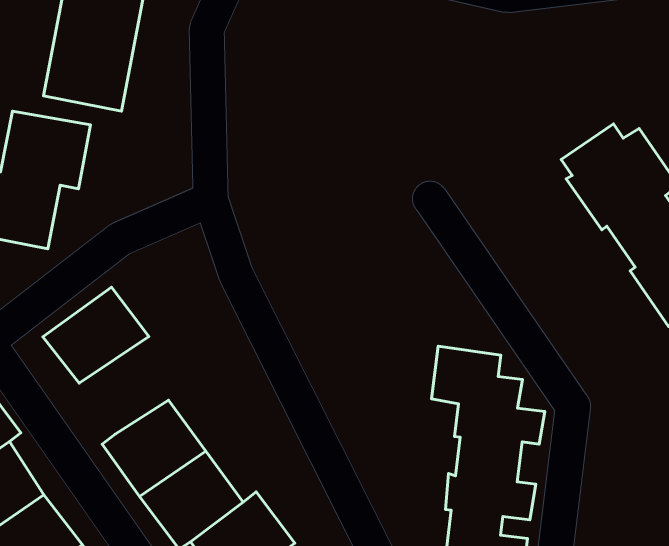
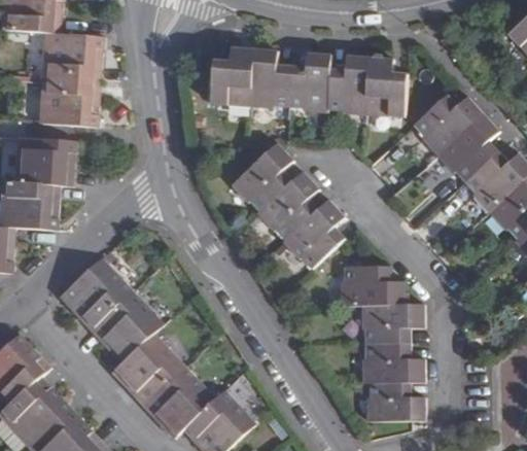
building: none -> [208,47,407,117]
building: none -> [230,143,346,271]
building: none -> [90,286,165,358]

